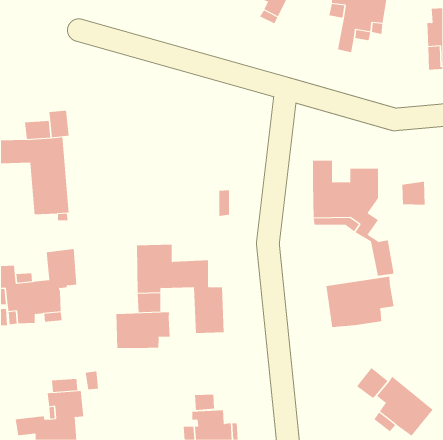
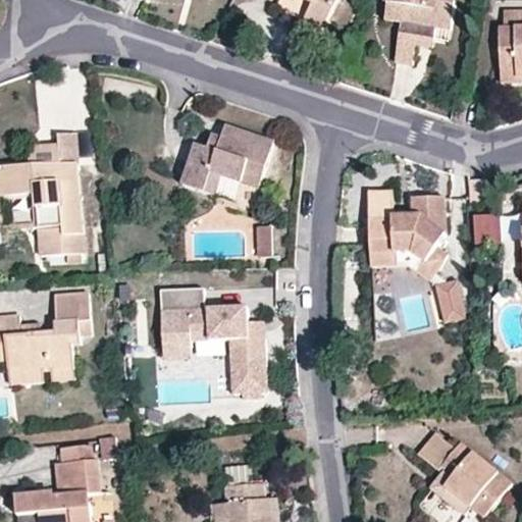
building: none -> [182,125,273,193]
building: [326,276,394,328] -> none
building: [116,311,170,349] -> none

